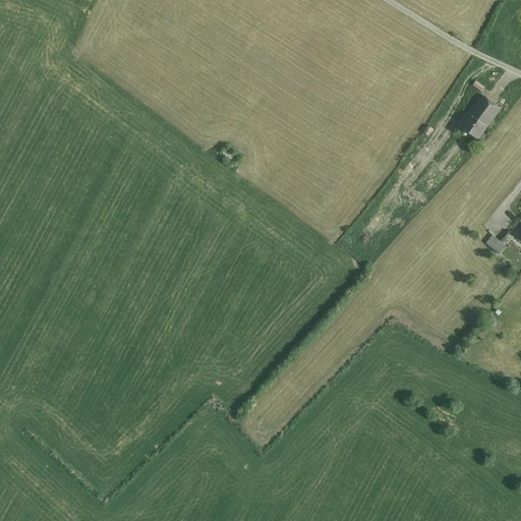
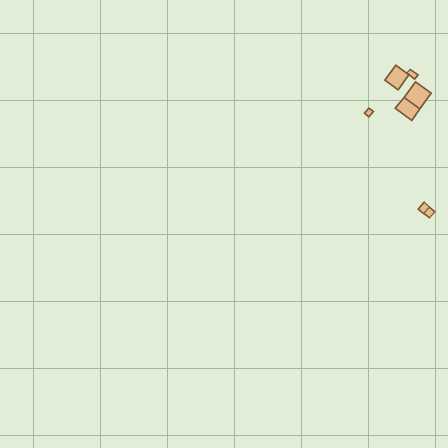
building: none -> [385,65,409,90]

